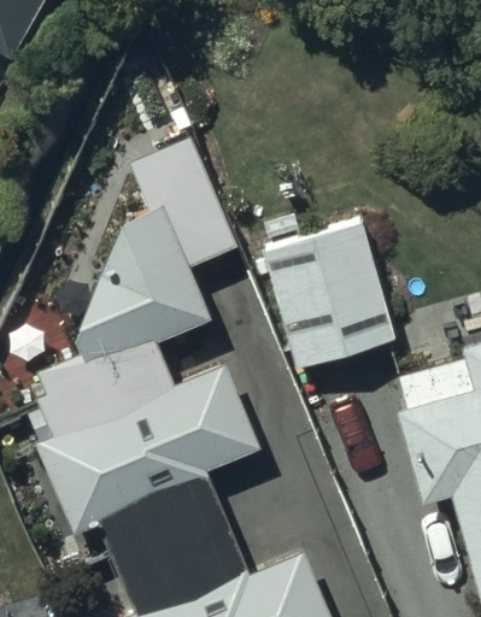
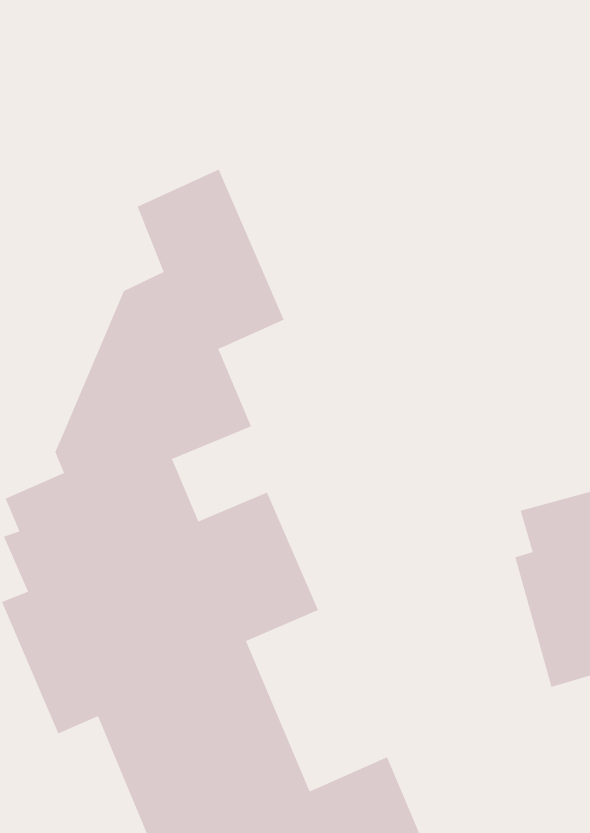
building: [264,225,395,368] -> none

